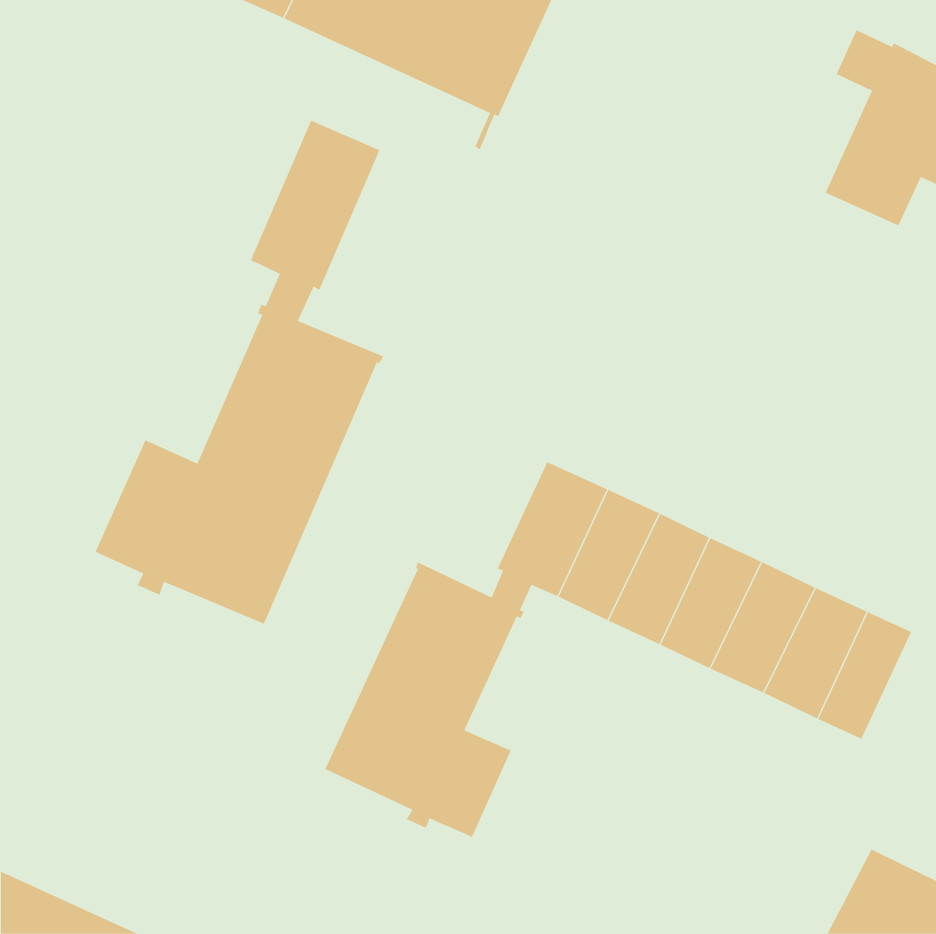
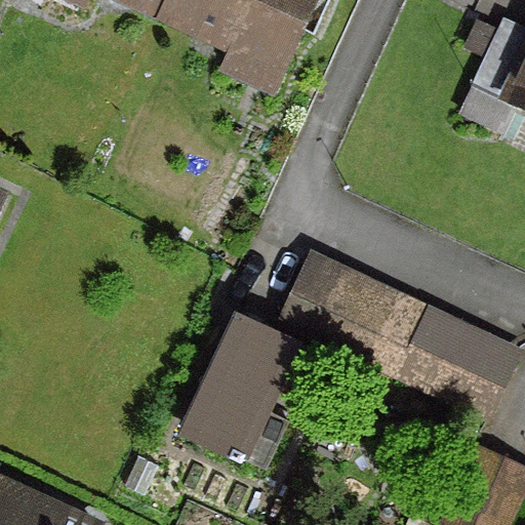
building: [95,120,384,625] -> none

